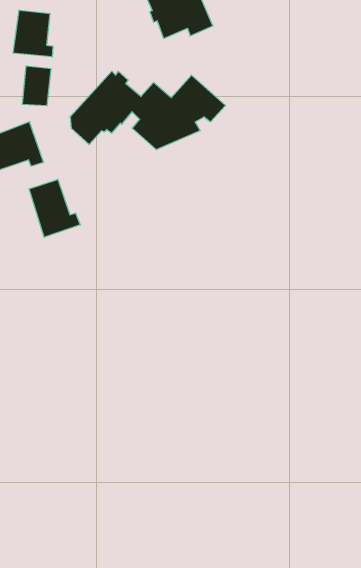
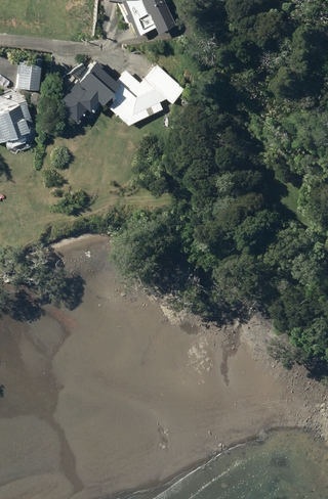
building: [13,10,53,57] -> none
building: [29,179,80,237] -> none

